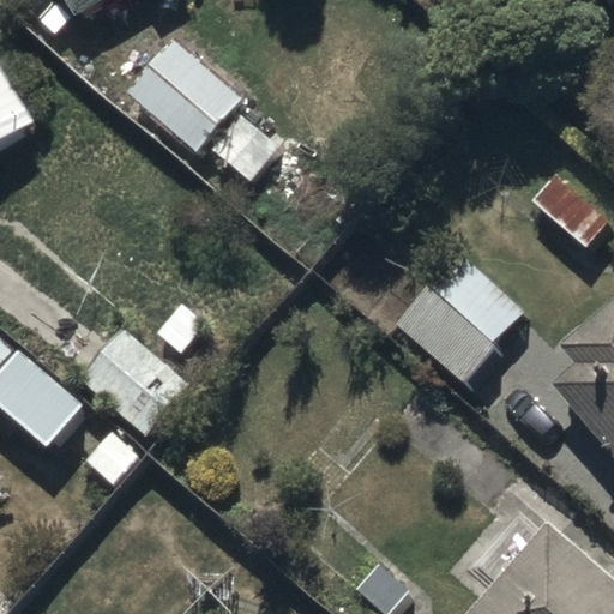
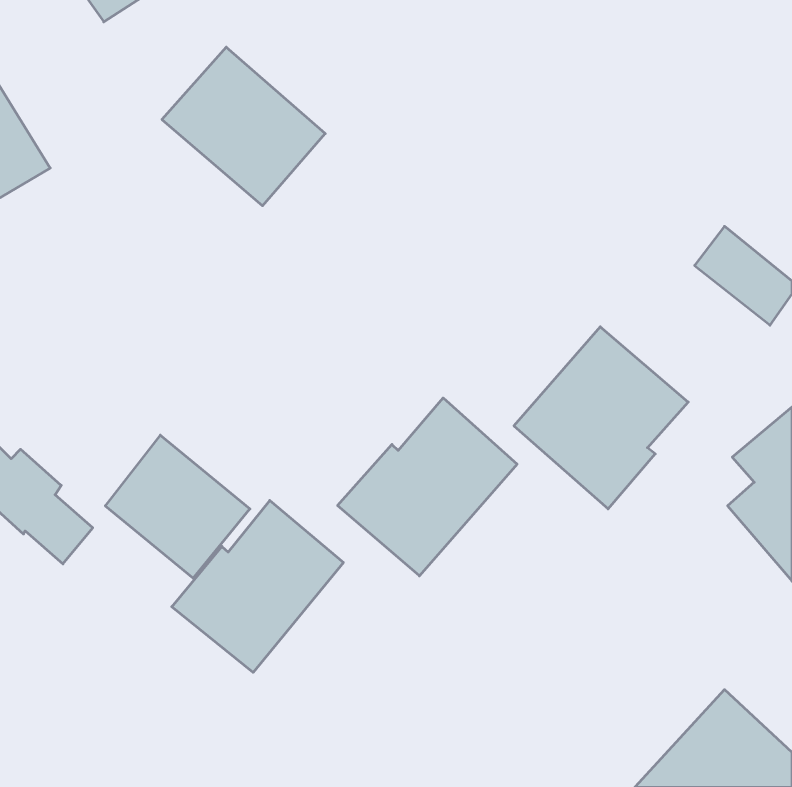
building: none -> [338,398,517,576]
building: none -> [172,500,343,672]

